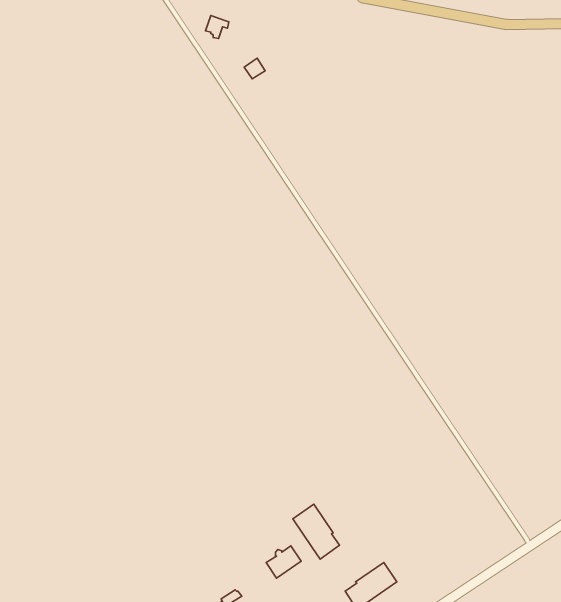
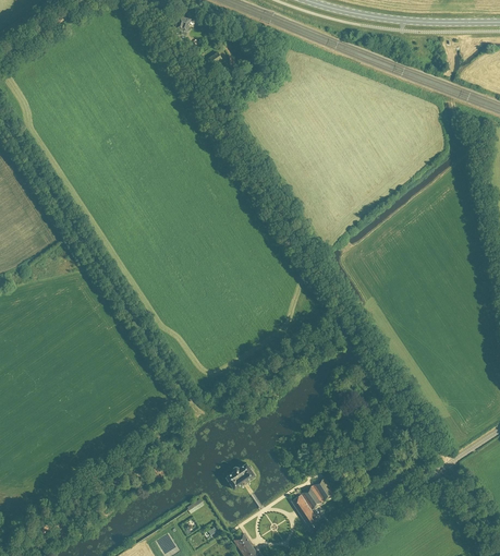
building: [293,504,340,559] -> none

